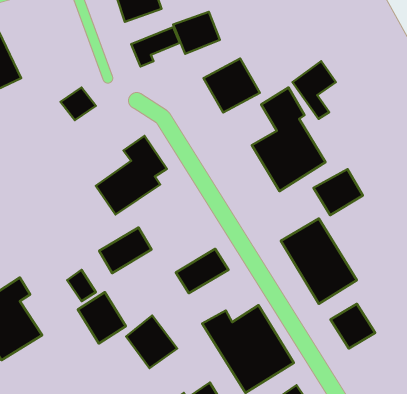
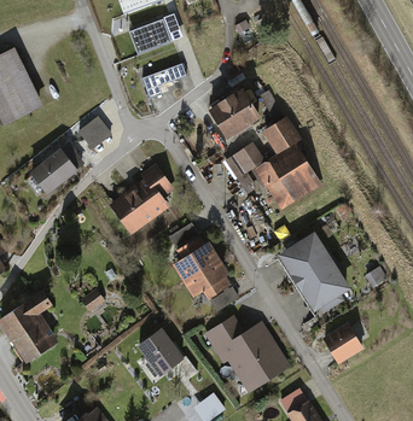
building: [173,12,220,54] -> none
building: [292,61,336,119] -> [226,135,266,188]
building: none -> [30,141,85,193]
building: [314,169,363,215] -> none
building: [99,227,152,273] -> [171,244,220,286]
building: [78,292,126,344] -> none

